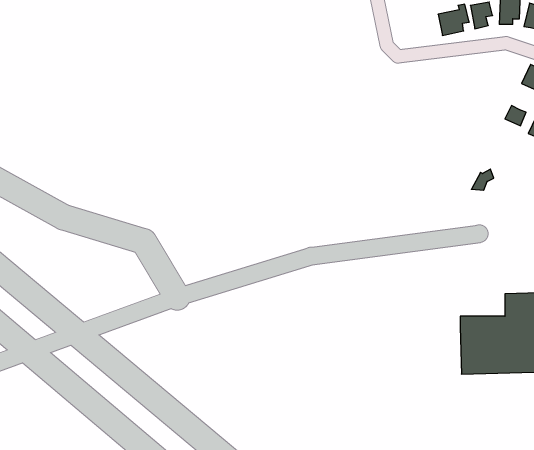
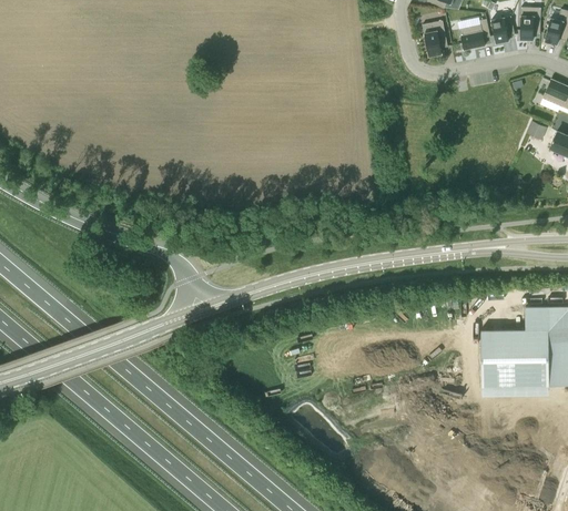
building: none -> [423,21,448,57]

